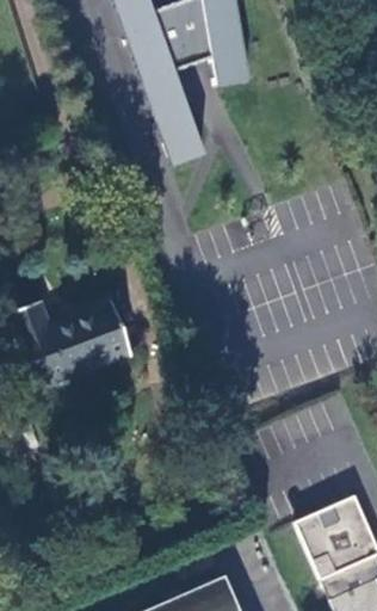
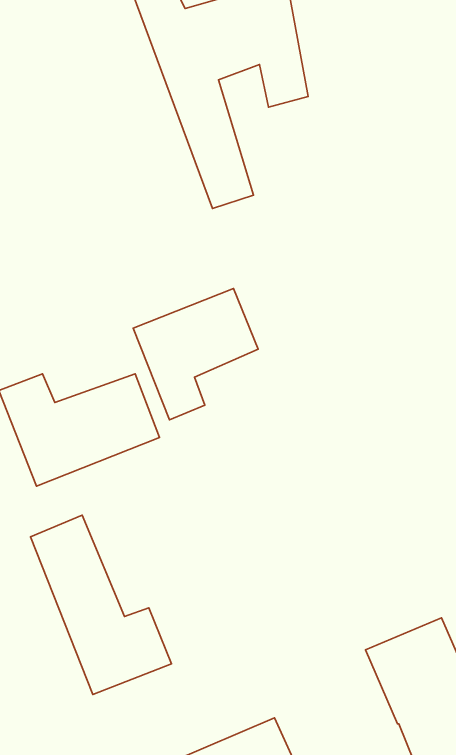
building: none -> [133,288,258,420]
building: none -> [31,515,171,695]

